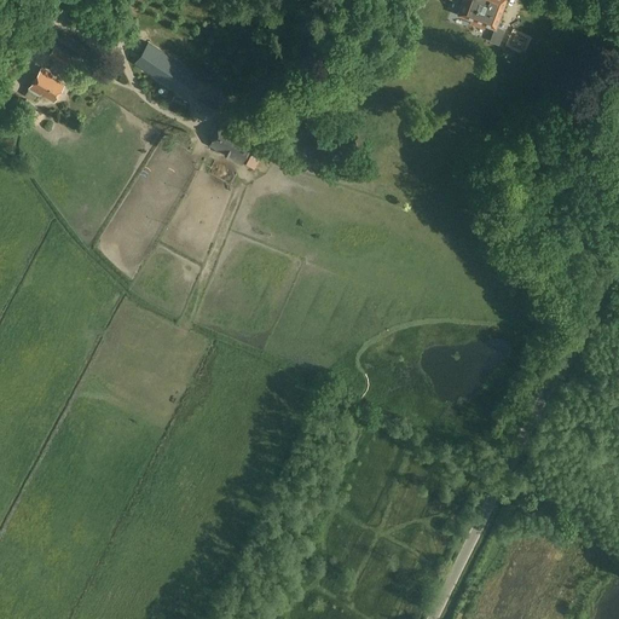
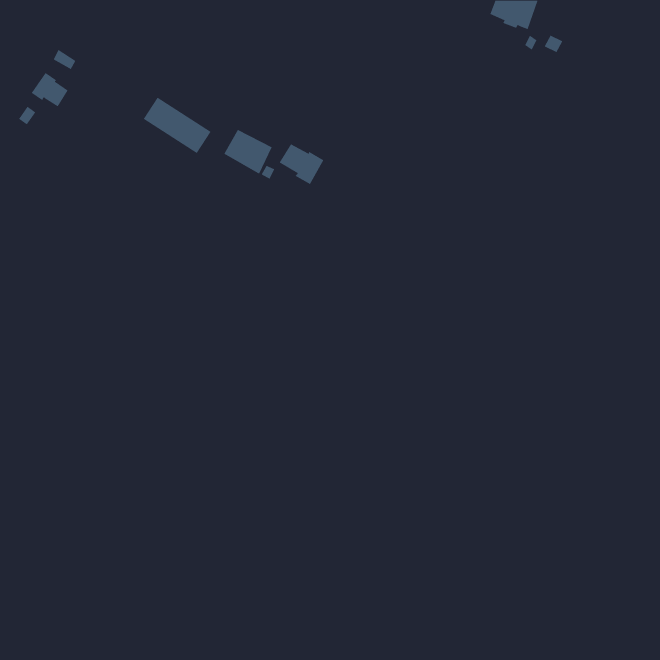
building: [134,46,198,99] -> [143,97,211,154]
building: none -> [279,144,324,185]

